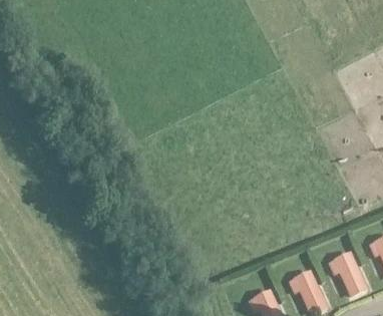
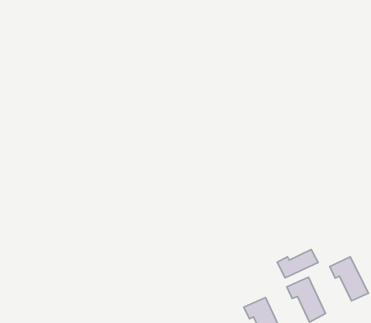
building: none -> [277,250,318,278]

